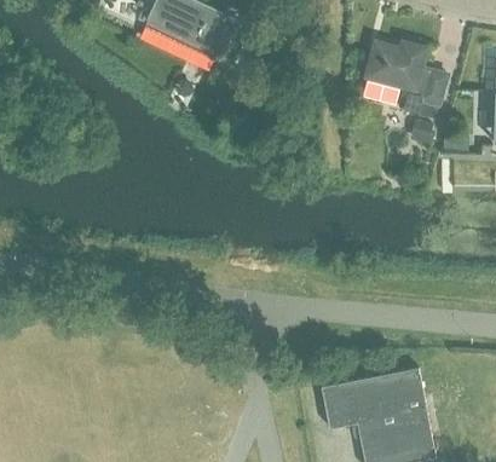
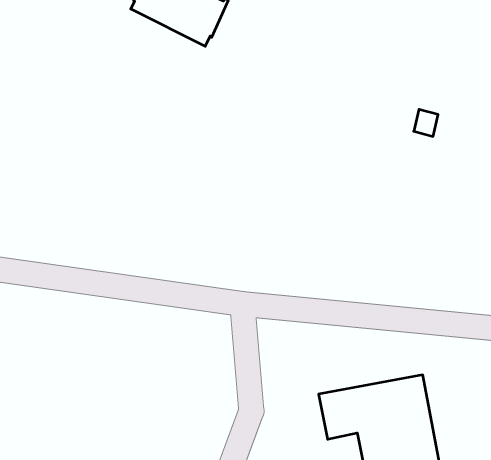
building: [363,42,446,115] -> none

